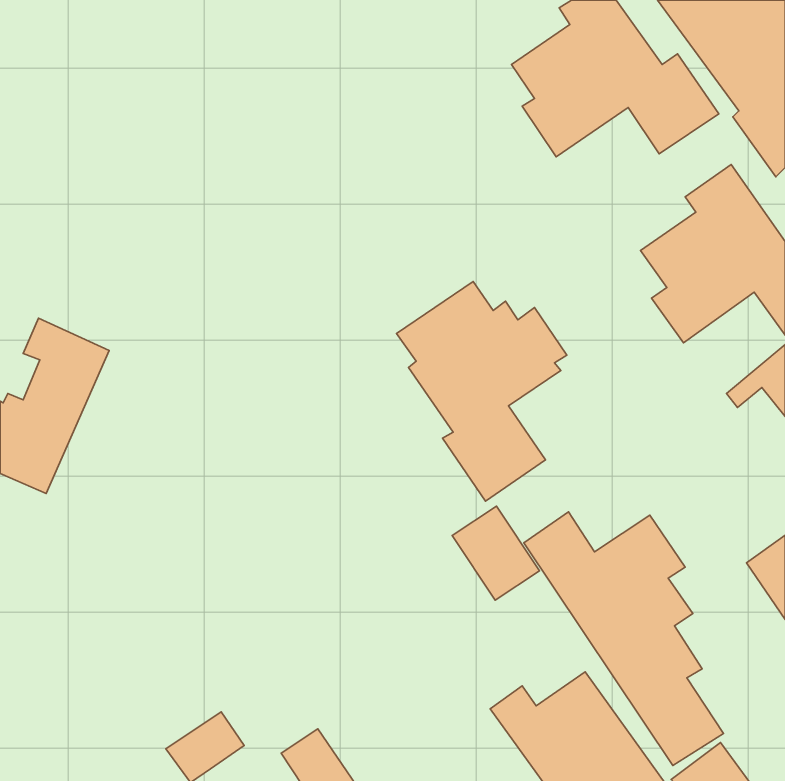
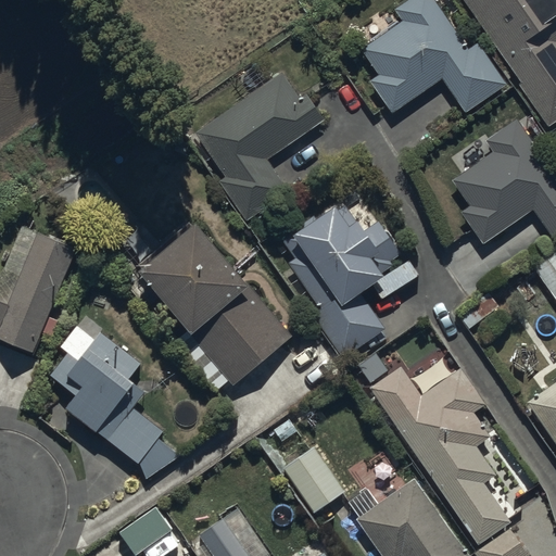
building: none -> [194,71,324,219]
building: none -> [137,216,291,392]
building: none -> [50,325,181,480]
building: [452,506,540,600] -> [283,446,345,513]

